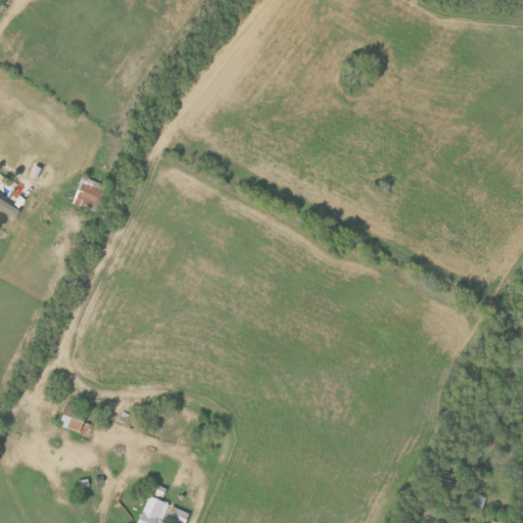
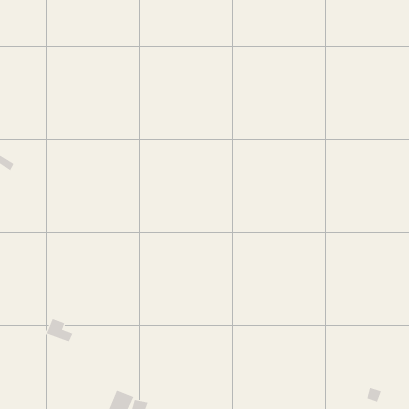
building: [76,180,104,207] -> none

